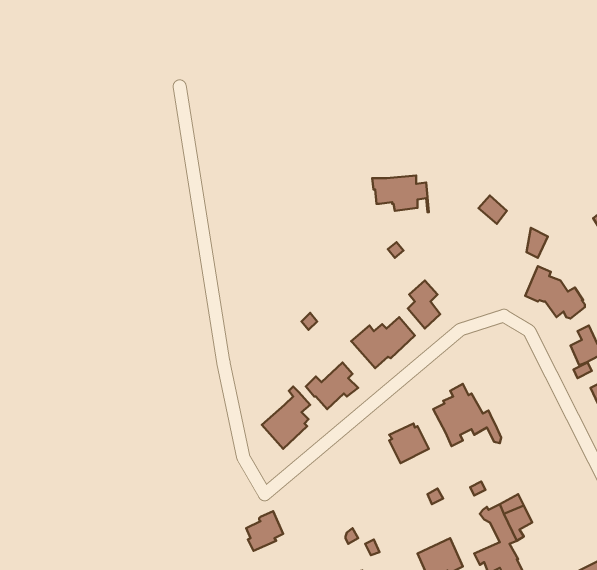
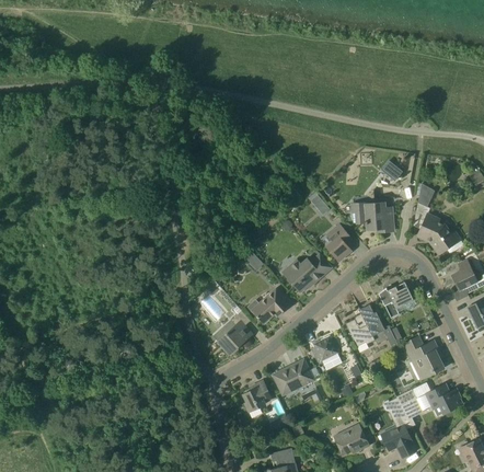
building: [372,175,429,212] -> [350,203,394,231]
building: none -> [379,283,414,318]
building: none -> [404,337,443,379]
building: none -> [273,359,314,395]
building: none -> [426,387,462,418]
building: [246,511,283,551] -> [243,381,272,412]

